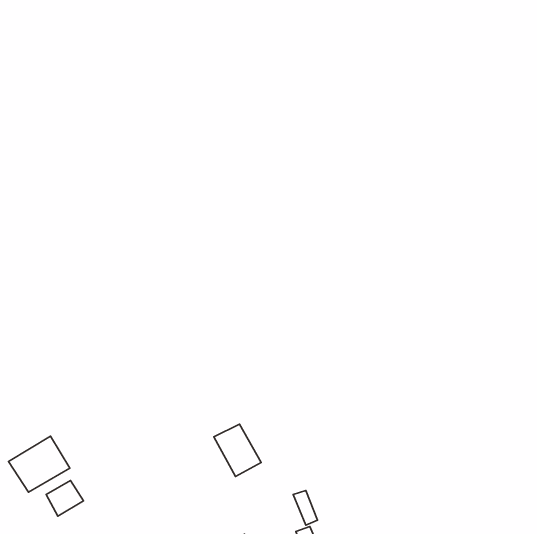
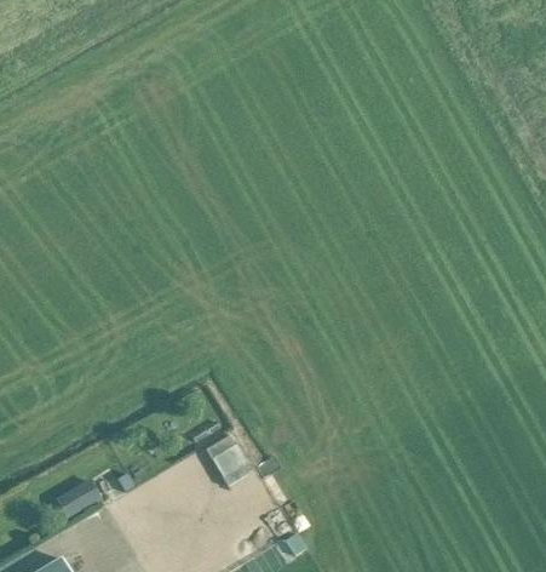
building: [8,436,70,492] -> none

